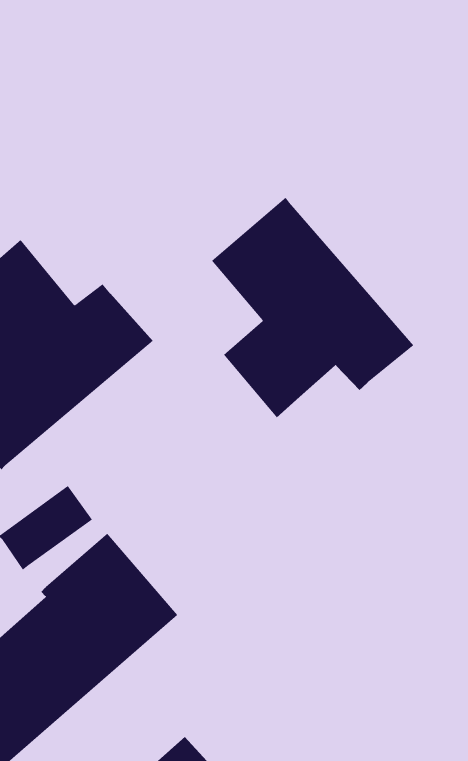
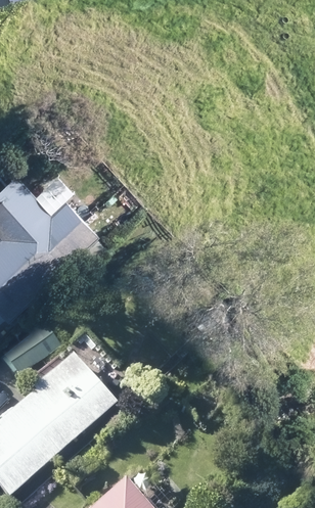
building: [211,197,414,418] -> none

